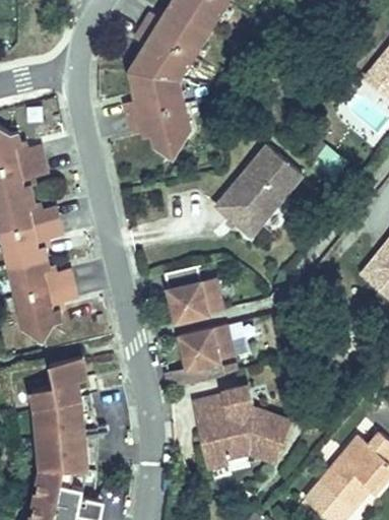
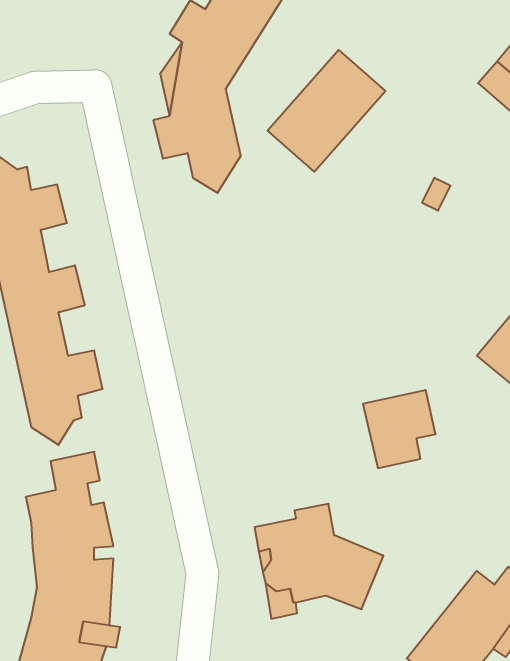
building: [206,143,294,234] -> [268,50,385,172]
building: [170,268,228,321] -> none
building: [184,326,238,384] -> [363,390,436,468]

